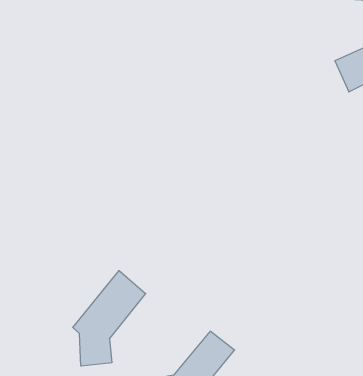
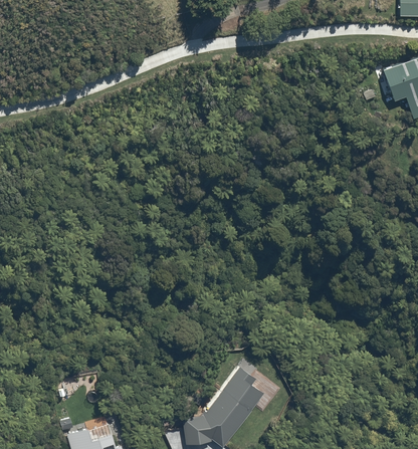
building: [73,271,146,366] -> none

